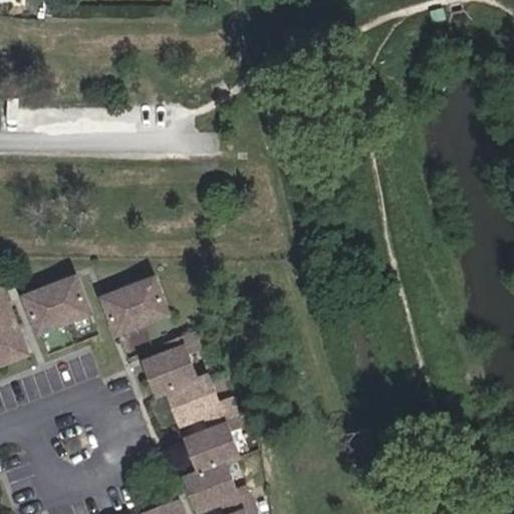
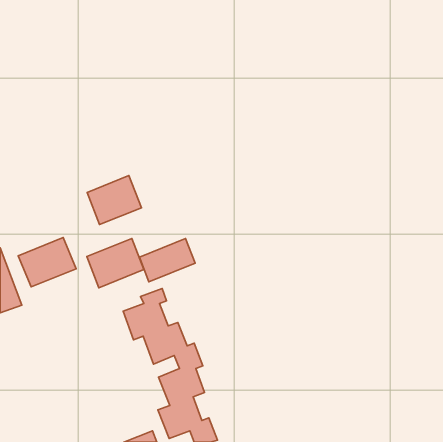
building: none -> [87,176,141,225]
building: none -> [139,238,195,282]

